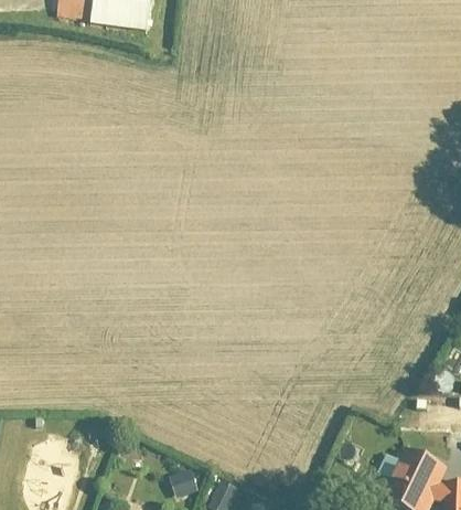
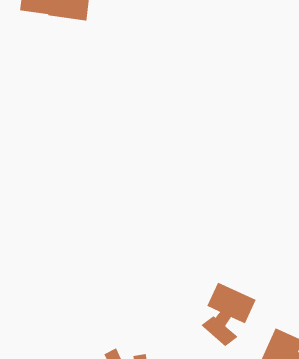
building: none -> [200,282,256,347]

